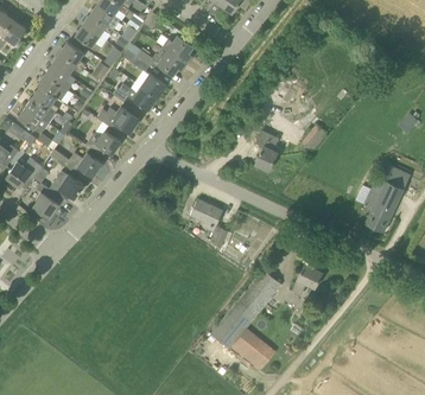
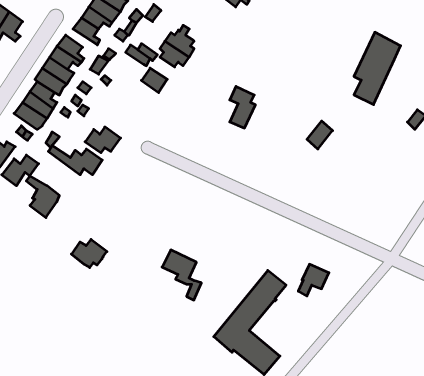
building: [113,82,158,110] -> none
building: [97,107,139,133] -> none
building: [255,129,280,170] -> [230,86,255,128]
building: [364,163,410,232] -> [354,32,401,105]
building: [50,173,84,200] -> [71,239,107,268]
building: [190,198,228,247] -> [162,250,201,300]

